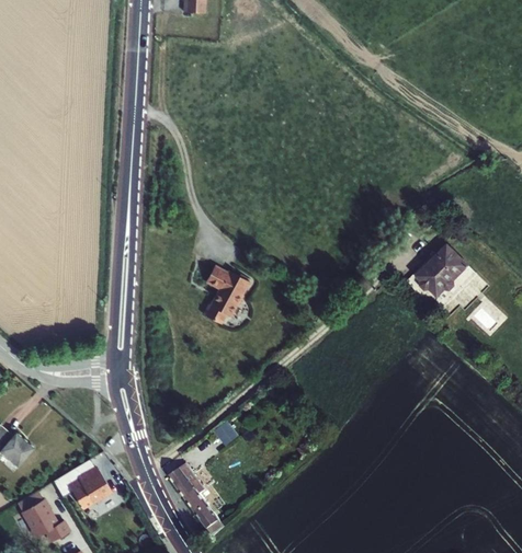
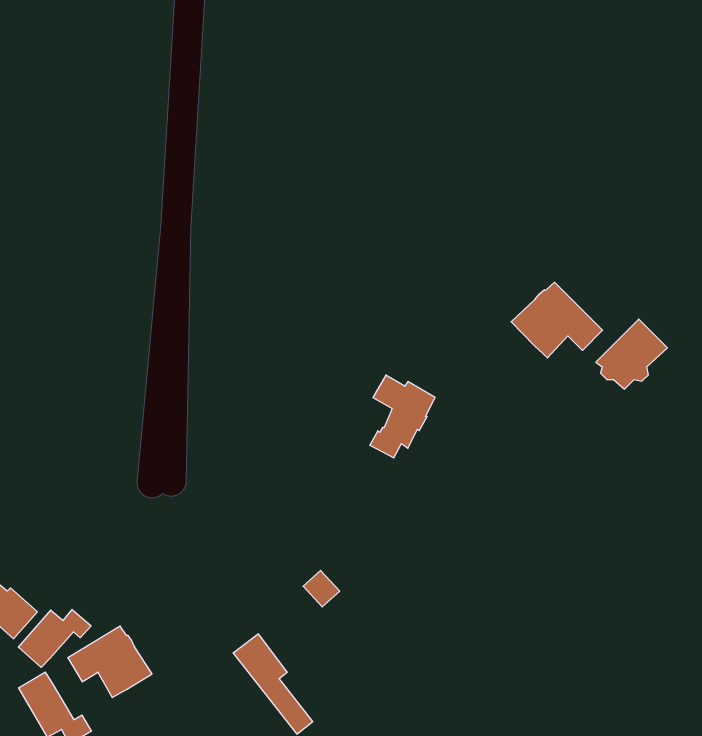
building: none -> [511,282,603,358]
building: [202,266,247,323] -> [370,375,435,458]
building: none -> [18,609,91,667]

